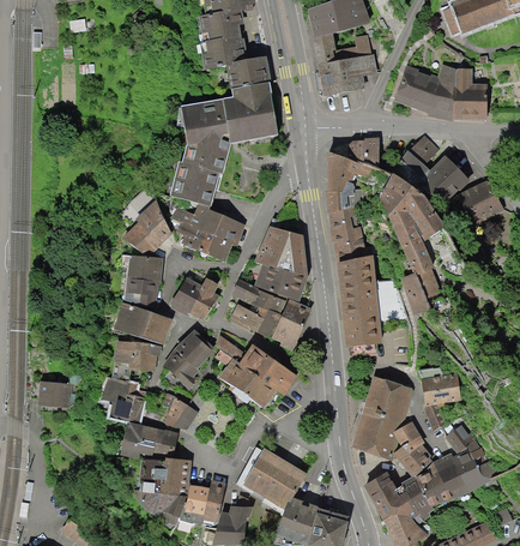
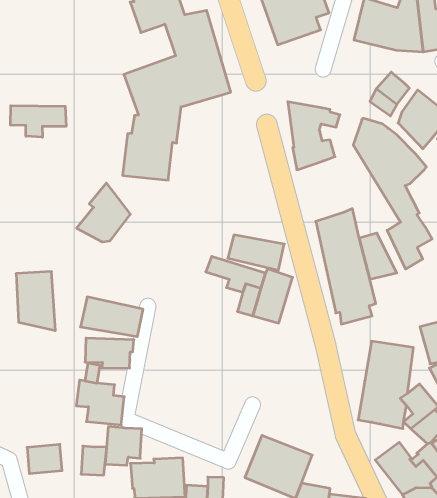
building: none -> [10,106,66,137]
building: [349,137,379,166] -> none
building: [170,203,246,262] -> none
building: [328,206,373,260] -> none
building: [255,224,307,277] -> none
building: [126,254,162,311] -> [16,272,55,331]
building: [173,276,220,322] -> none
building: [229,304,264,332] -> none
building: [163,331,211,389] -> none
building: [216,336,301,409] -> none
building: [38,380,69,406] -> [27,444,62,474]
building: [162,391,198,428] -> none
building: [151,427,177,456] -> [81,446,107,475]

